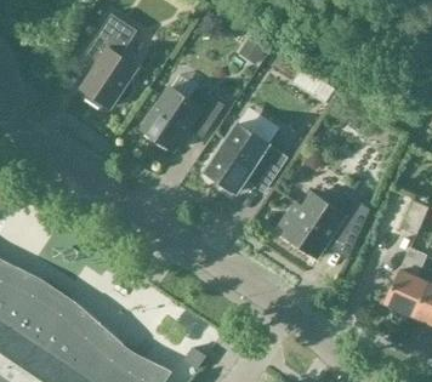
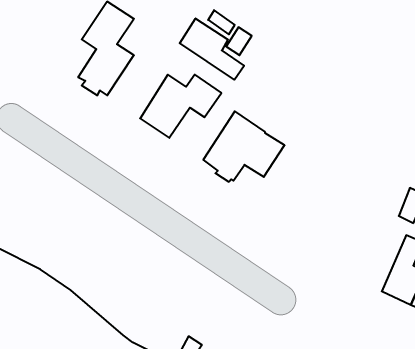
building: none -> [180,18,244,80]
building: [280,192,369,257] -> none

